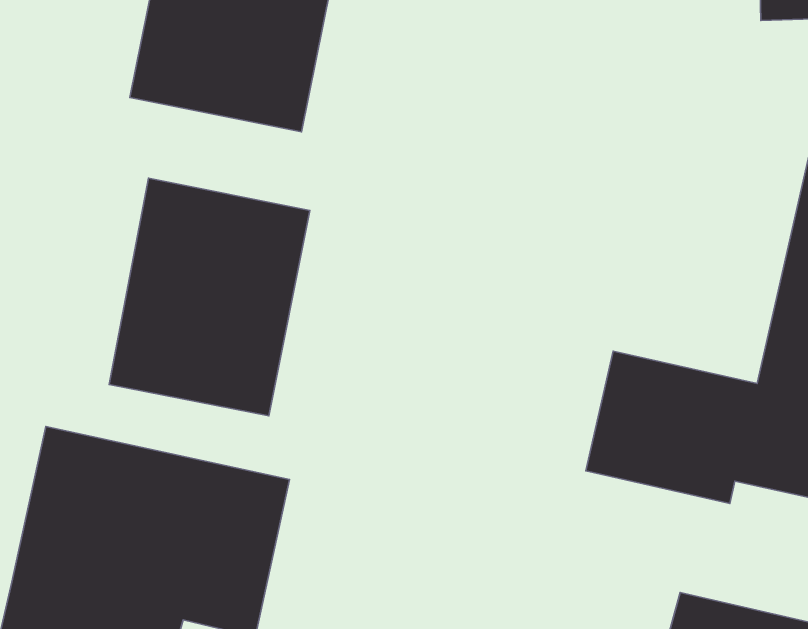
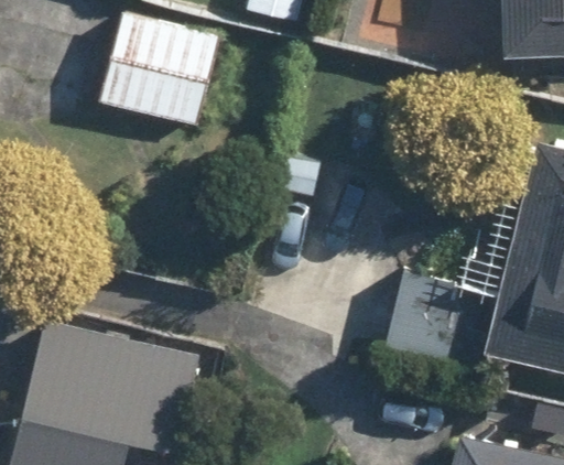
building: [109,178,310,416] -> none

